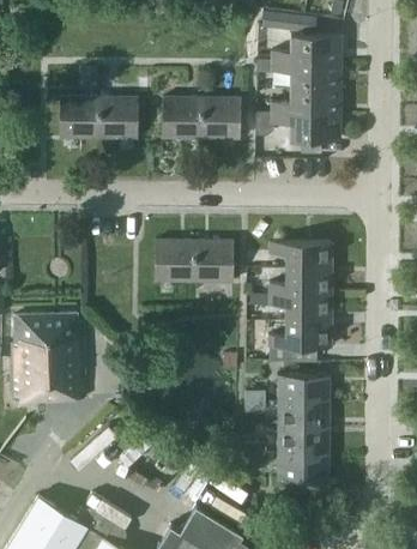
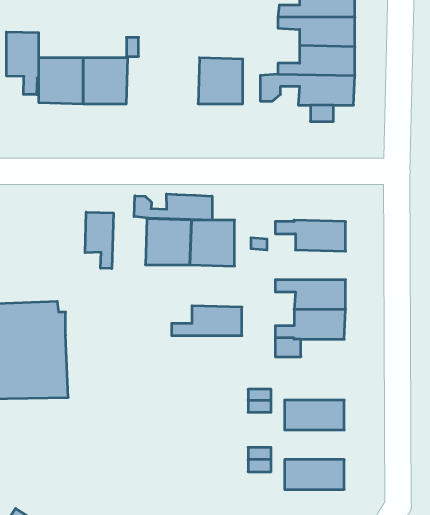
building: none -> [6,32,39,95]
building: [161,97,201,138] -> none
building: none -> [134,194,212,220]
building: none -> [85,212,113,269]
building: [268,267,331,294] -> [172,306,242,336]
building: [277,375,330,400] -> none
building: [277,427,330,453] -> none

